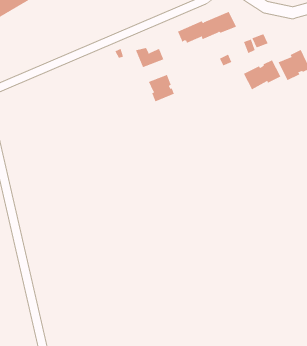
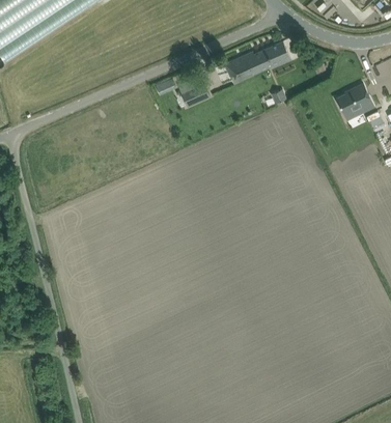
building: [243,59,281,90] -> none
building: [148,74,175,102] -> none

